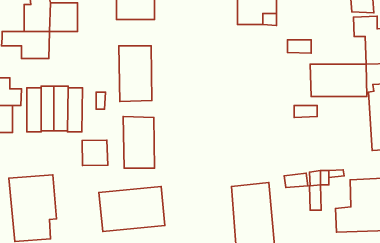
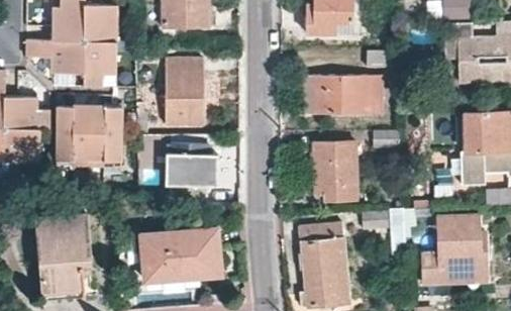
building: none -> [81,41,115,89]
building: [310,64,367,96] -> [313,76,381,114]
building: none -> [312,142,359,200]
building: [82,140,108,165] -> none

